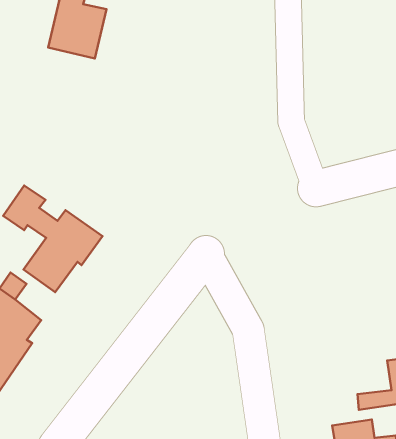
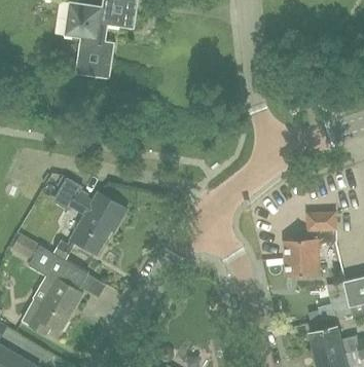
building: none -> [282,213,334,277]

